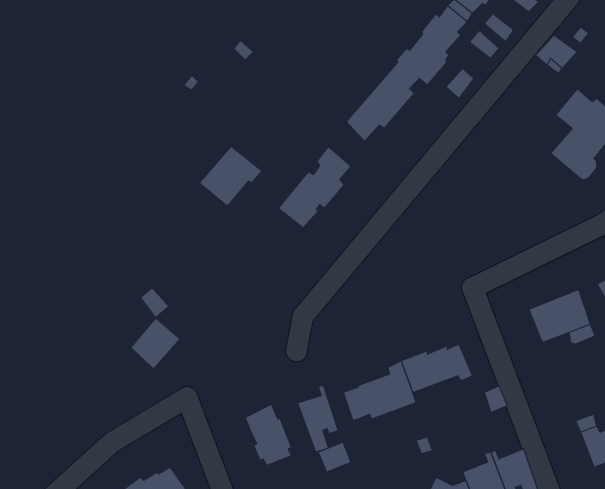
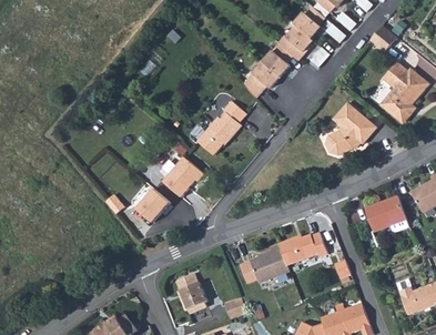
building: [199,146,262,206] -> [161,156,203,196]
building: none -> [324,102,375,155]
building: [131,318,180,369] -> [135,187,169,222]
building: [298,385,338,452] -> none

